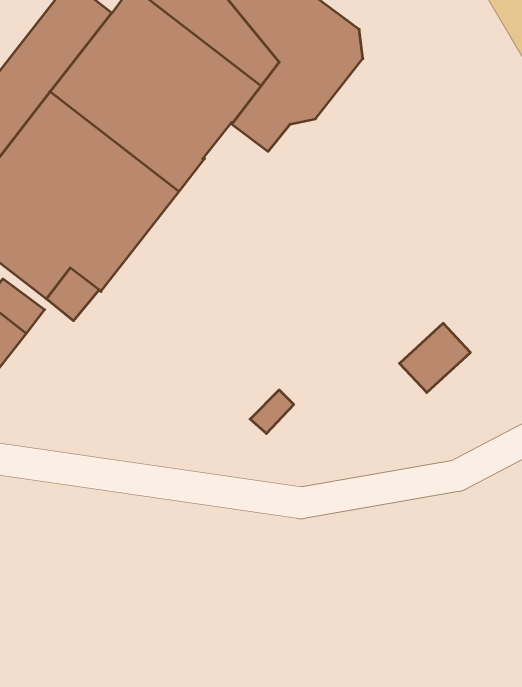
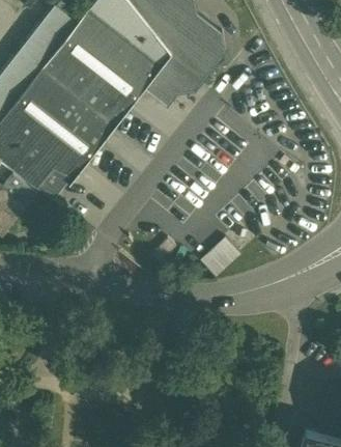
building: [399,323,470,393] -> [202,236,243,276]

